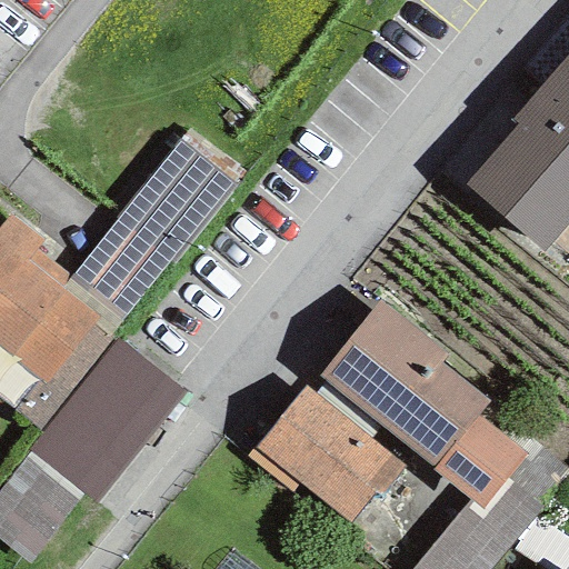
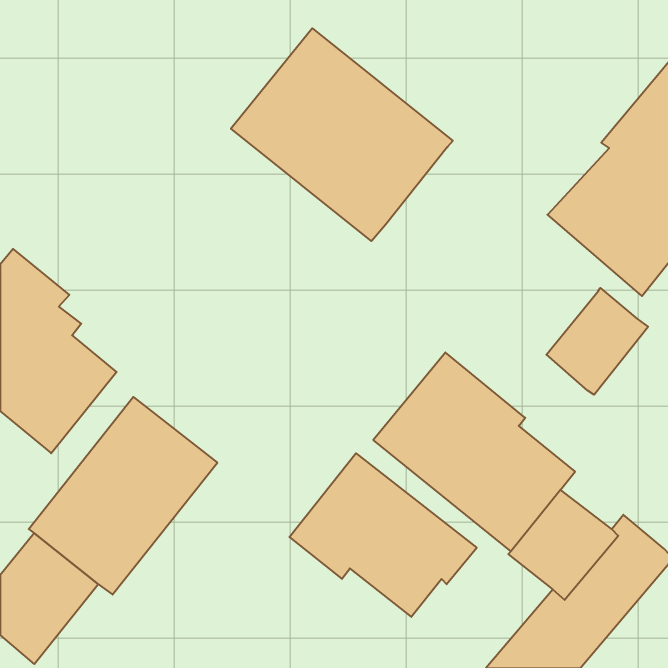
building: none -> [231,28,453,241]
building: [73,140,233,316] -> none
building: none -> [546,288,648,395]

